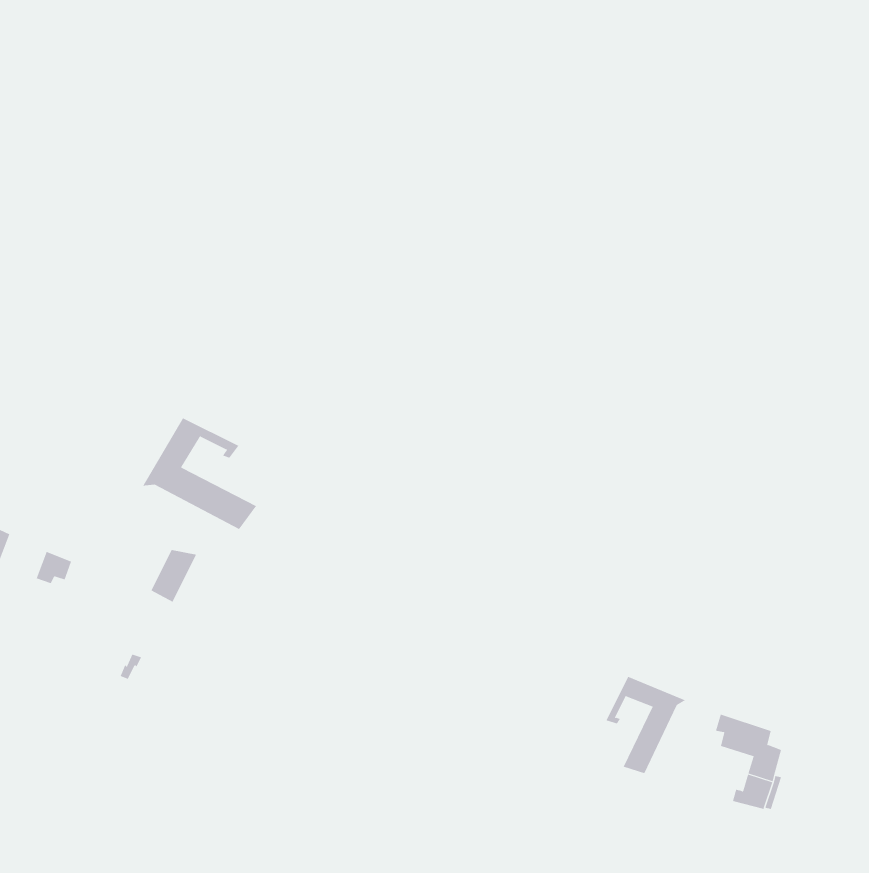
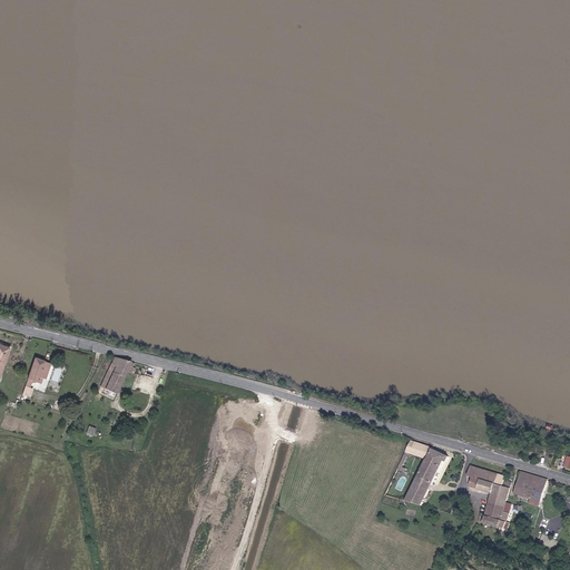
building: [142,418,257,530] -> none
building: none -> [513,471,546,500]

